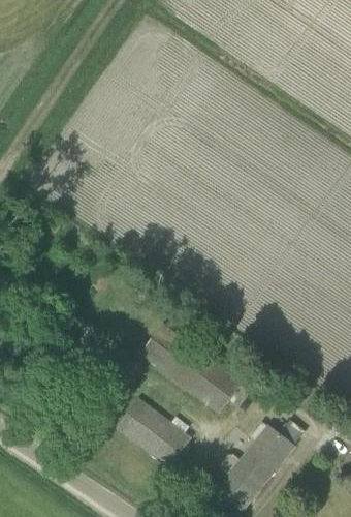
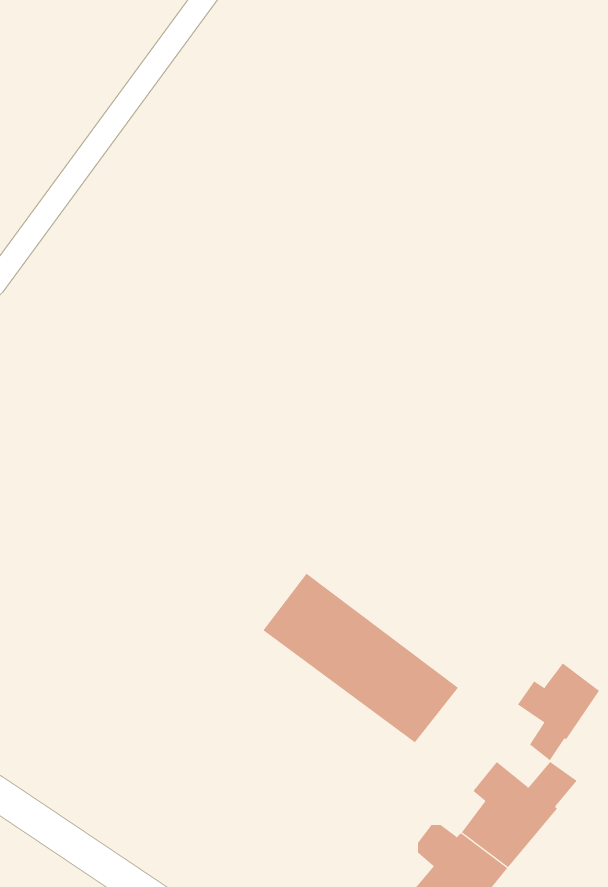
building: none -> [517,663,600,761]
building: [117,399,191,468] -> none

